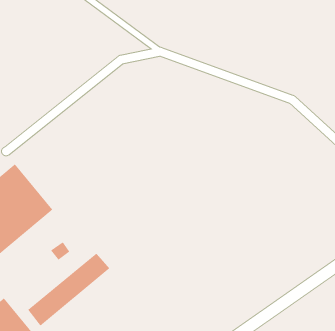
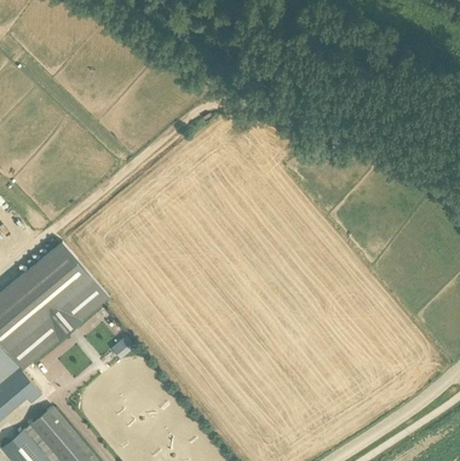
building: [28,253,110,326] -> none

